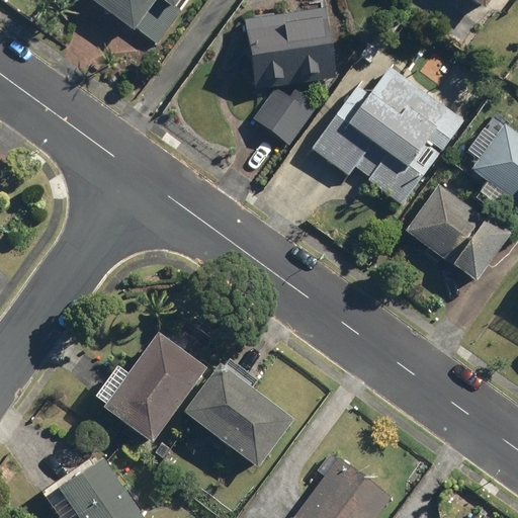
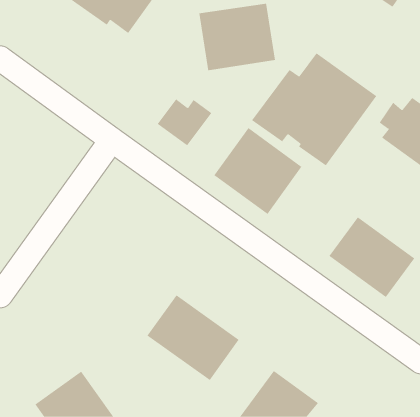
building: [253,86,321,145] -> [157,98,212,146]
building: none -> [213,127,302,215]
building: [404,182,510,282] -> [329,216,415,298]
building: [102,332,206,443] -> none

